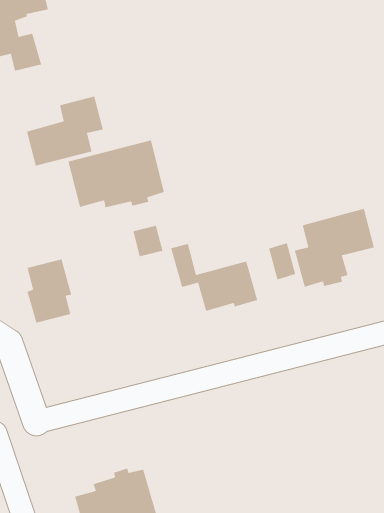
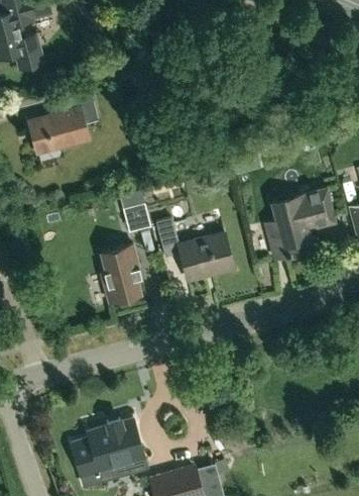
building: [68,139,165,208] -> none
building: [268,242,296,280] -> none
building: [27,258,72,324] -> [101,245,141,303]

